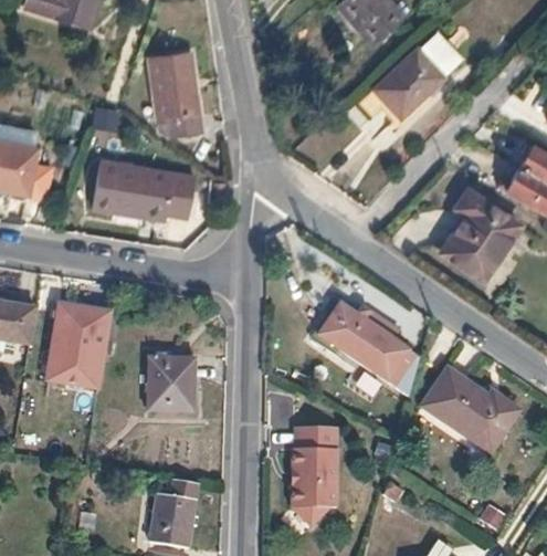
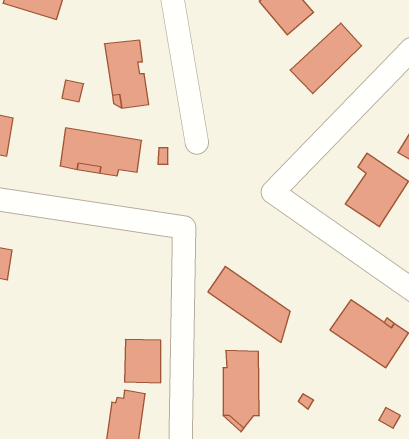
building: [319,303,420,396] -> [208,266,290,342]
building: [46,305,111,381] -> none
building: [148,358,192,411] -> [125,339,161,383]

